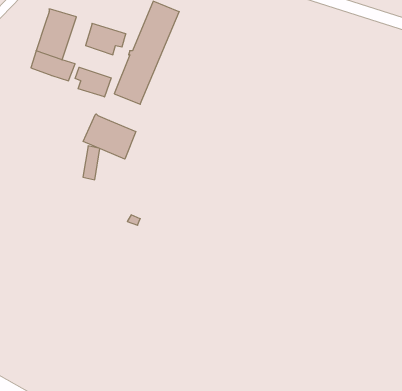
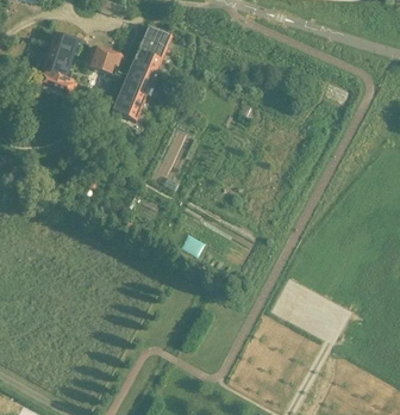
building: [75,67,111,97] -> none
building: [83,114,136,159] -> none

